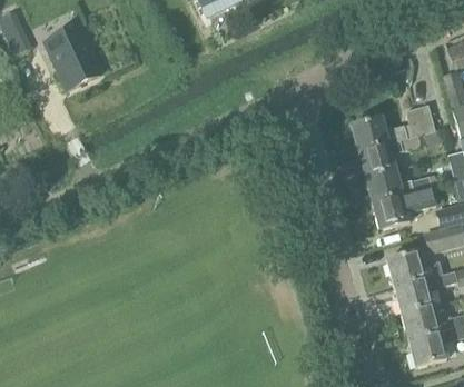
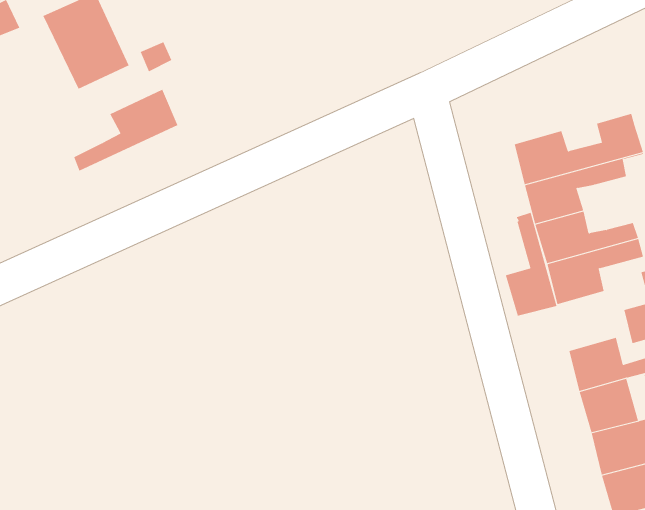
building: none -> [73,89,178,171]
building: none -> [505,186,557,316]

